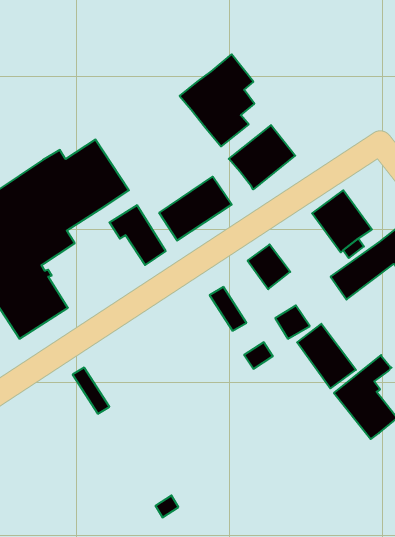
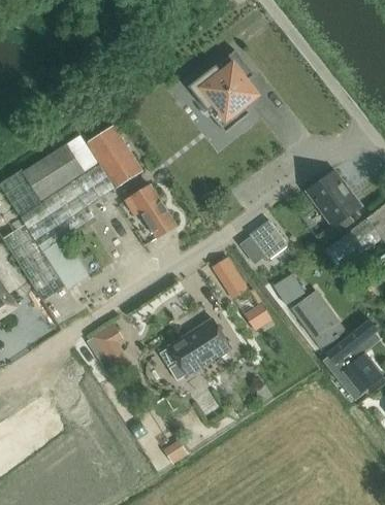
building: [229,125,295,189] -> none
building: [159,177,232,241] -> none
building: none -> [159,318,230,376]

